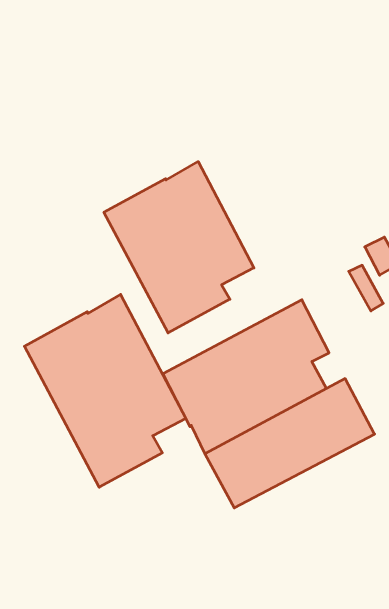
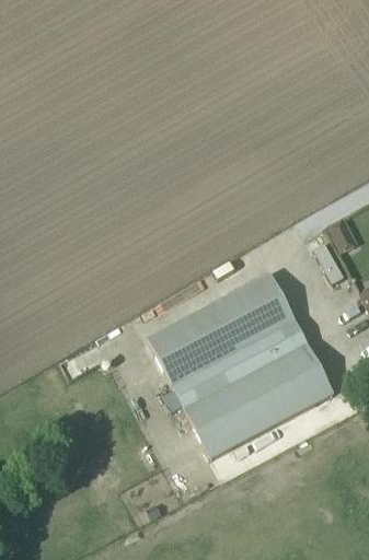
building: [104,162,254,333] -> none
building: [24,294,186,487] -> none

